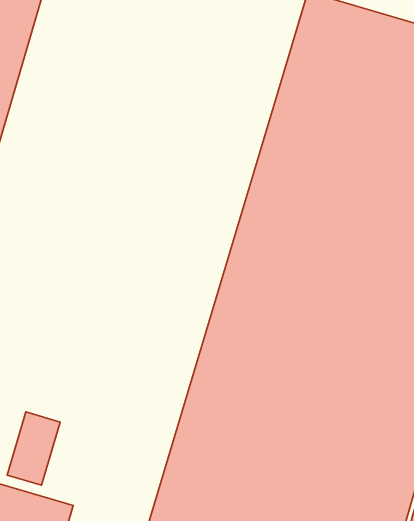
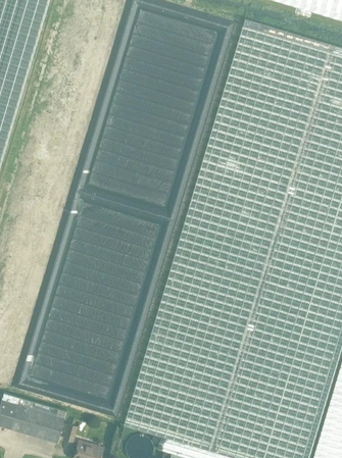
building: [7,412,60,485] -> none

